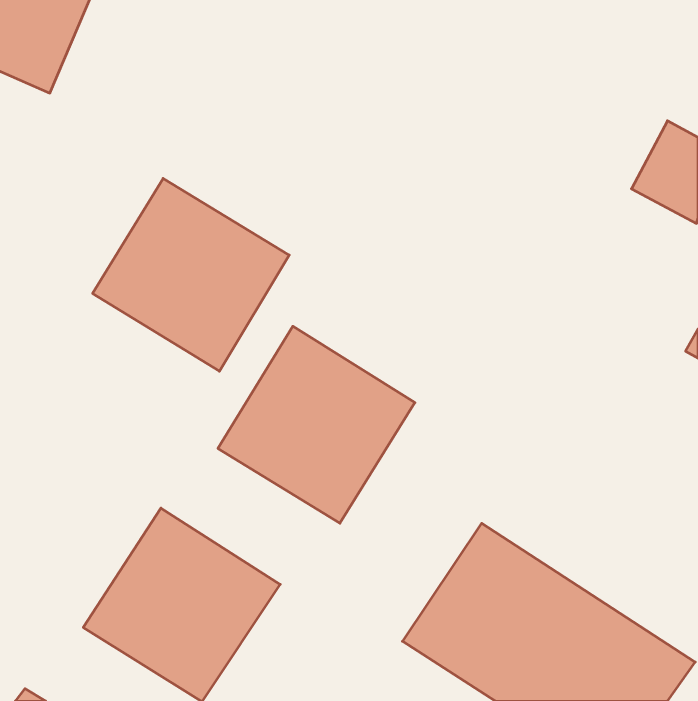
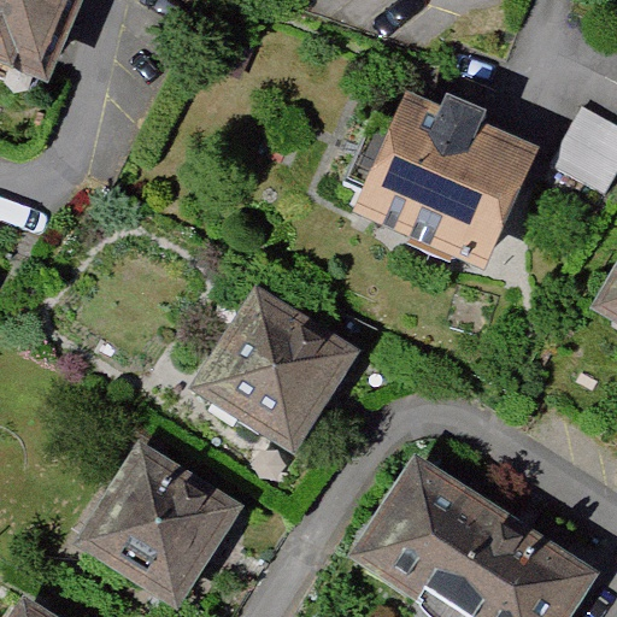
building: none -> [353,88,540,269]
building: [93,178,289,371] -> none

